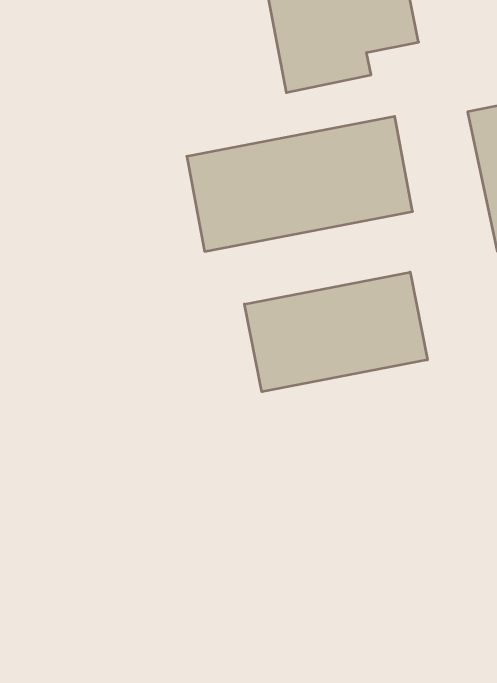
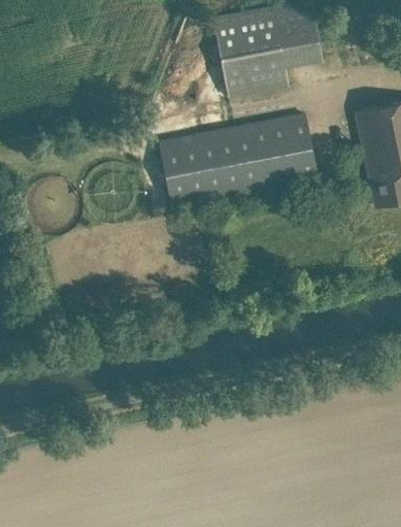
building: [244,272,427,392] -> none

